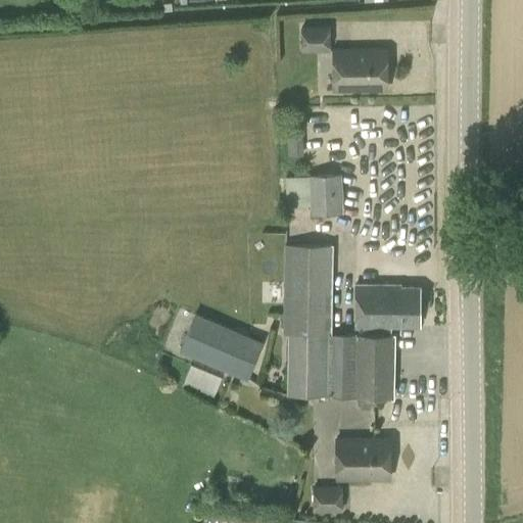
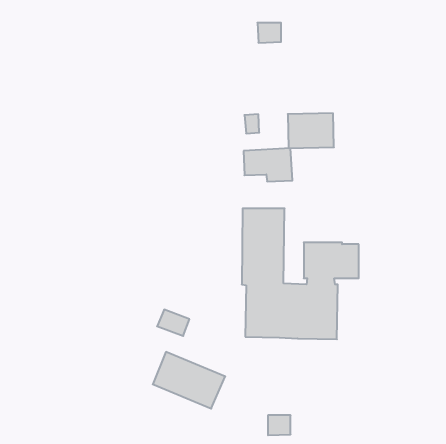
building: [333,50,387,91] -> [288,113,334,148]
building: [179,315,264,381] -> [153,352,225,409]
building: [336,439,389,480] -> none

